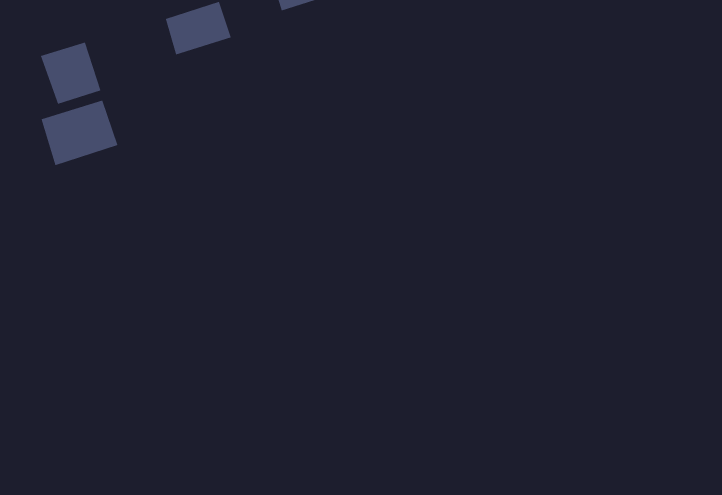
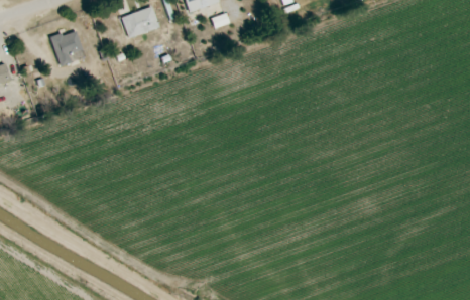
building: [40,100,119,166] -> none

